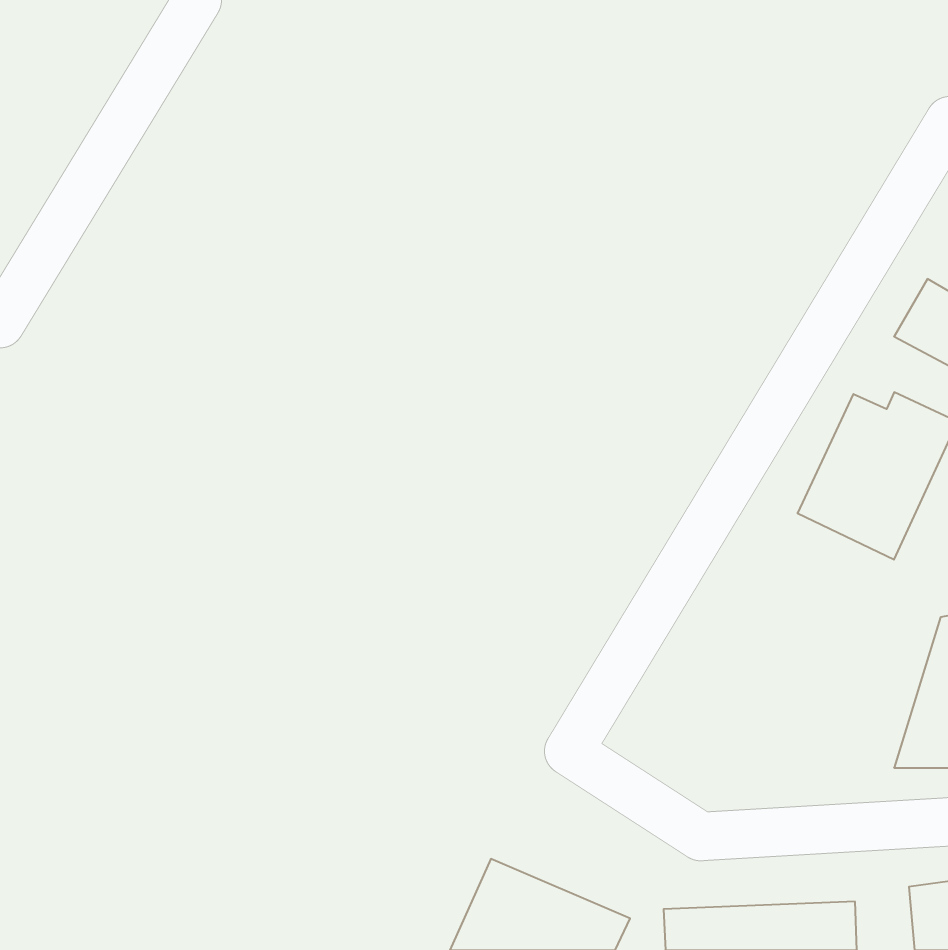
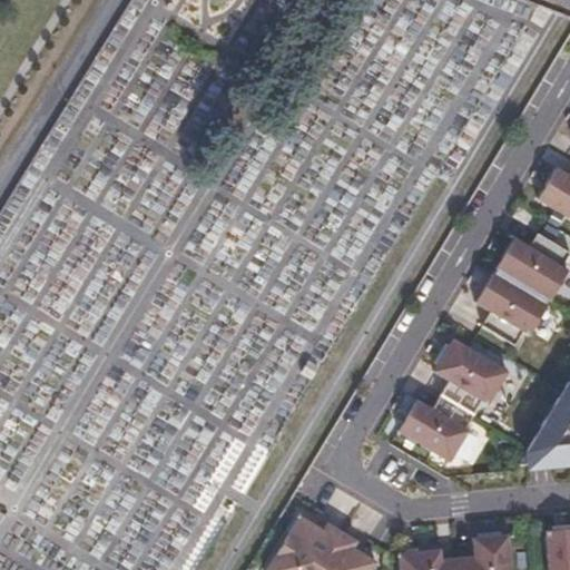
building: none -> [399,336,512,463]

